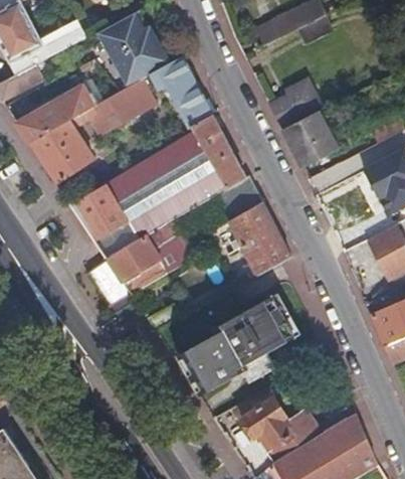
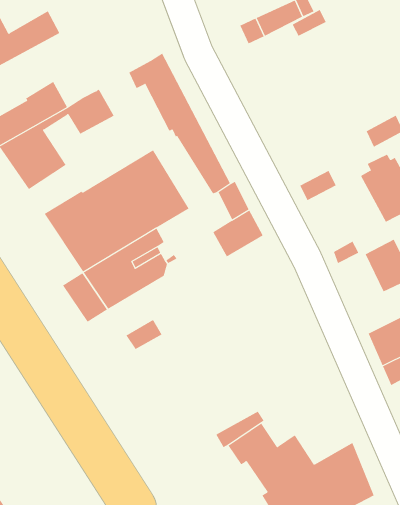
building: [98,11,171,86] -> none
building: [270,88,317,124] -> none
building: [283,112,336,166] -> none
building: [174,133,228,199] -> none
building: [241,224,290,274] -> none
building: [182,293,294,390] -> none

